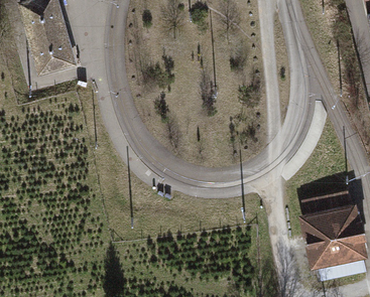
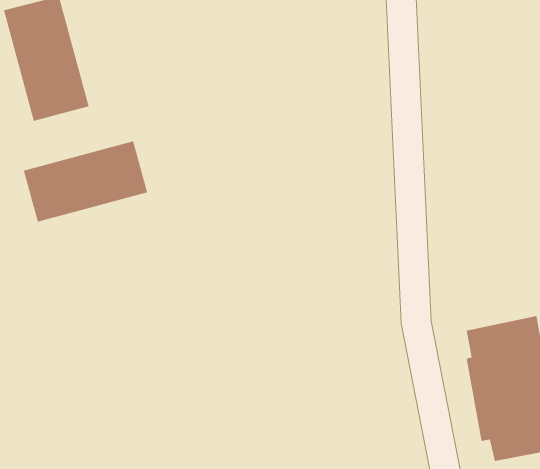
building: none -> [23,140,148,223]

